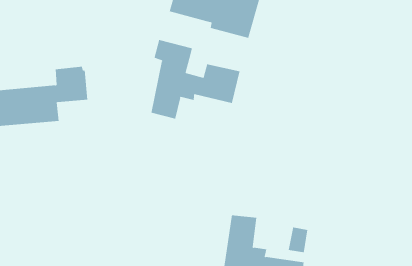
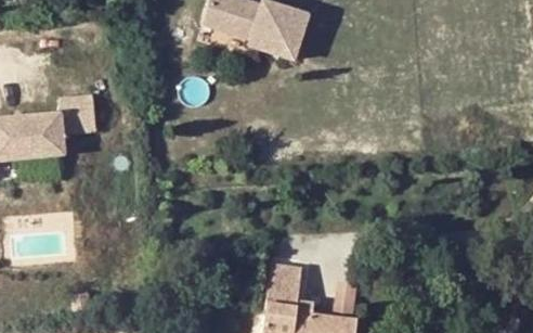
building: [151,39,240,120] -> none

